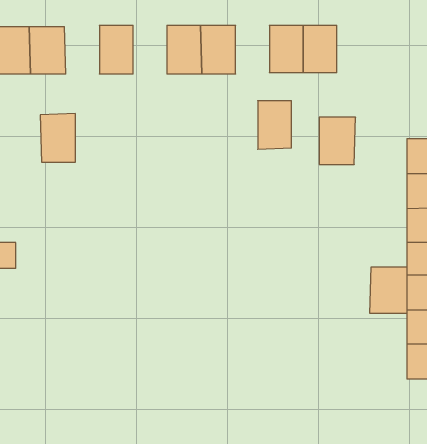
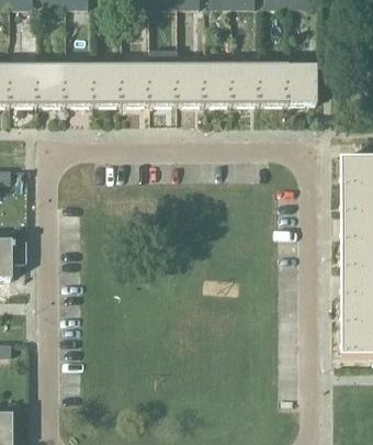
building: none -> [120,64,147,103]
building: [258,101,291,149] -> [203,64,230,103]
building: [40,114,75,162] -> [64,64,92,103]
building: [319,117,356,164] -> [285,64,315,102]
building: [370,267,407,313] -> none

